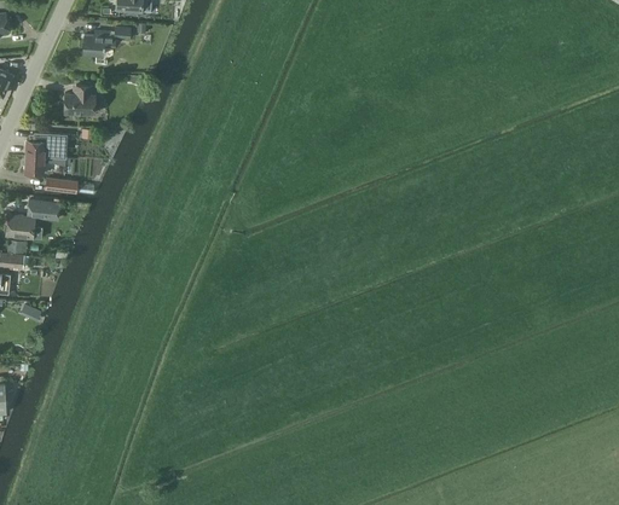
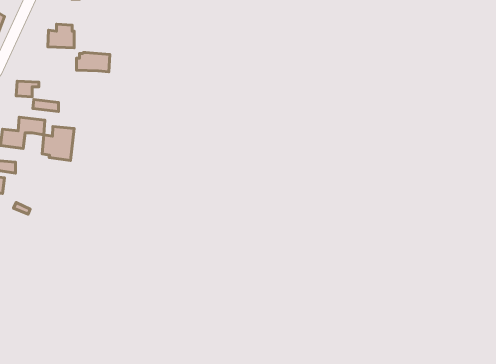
building: [27,132,68,156] -> [77,52,110,72]
building: none -> [42,127,74,161]

